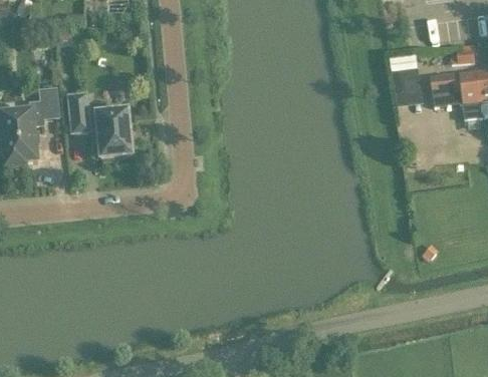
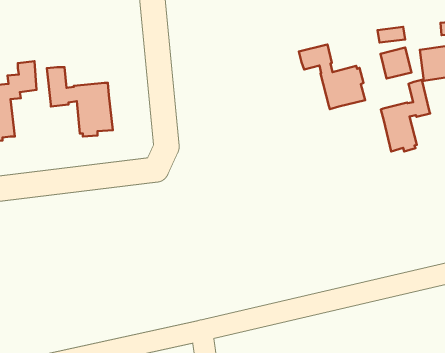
building: none -> [299,44,365,109]
building: none -> [381,80,430,151]

